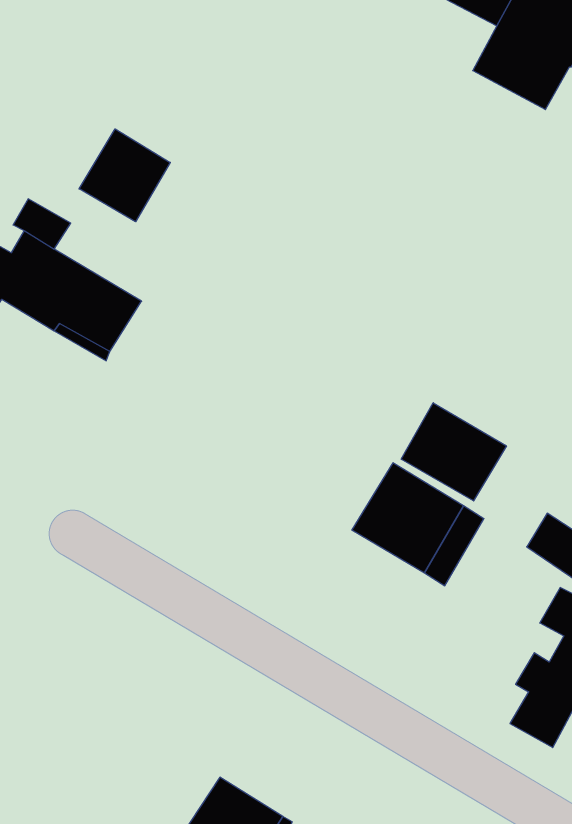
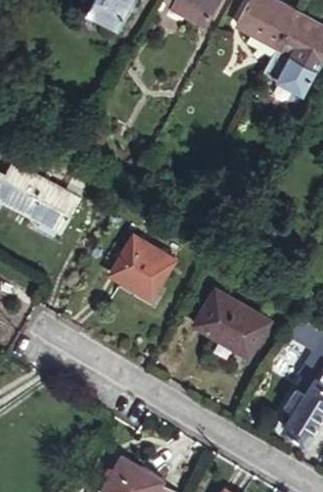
building: [79,129,170,222] -> none
building: none -> [108,234,174,298]
building: [401,403,506,501] -> none

